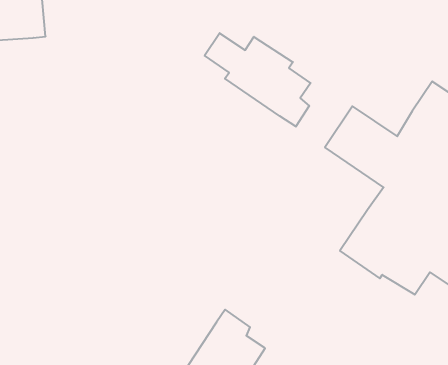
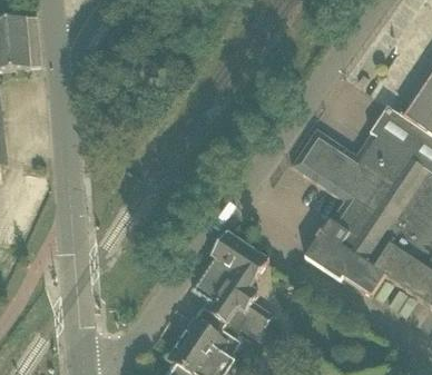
building: [205,33,311,127] -> none
building: none -> [193,229,278,346]

